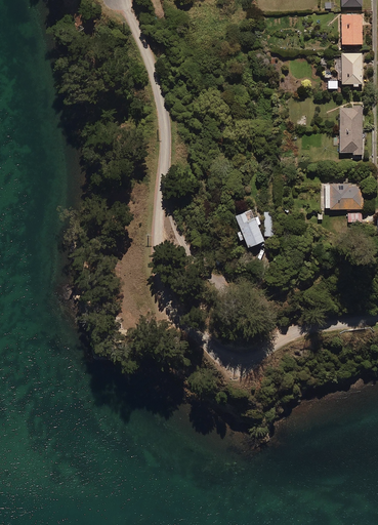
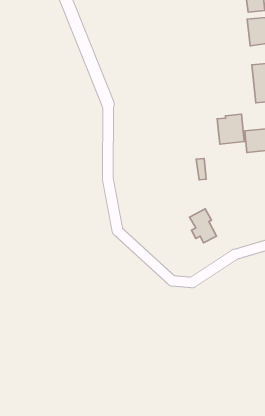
building: none -> [217,114,244,144]
building: [235,208,264,248] -> [189,209,217,243]

